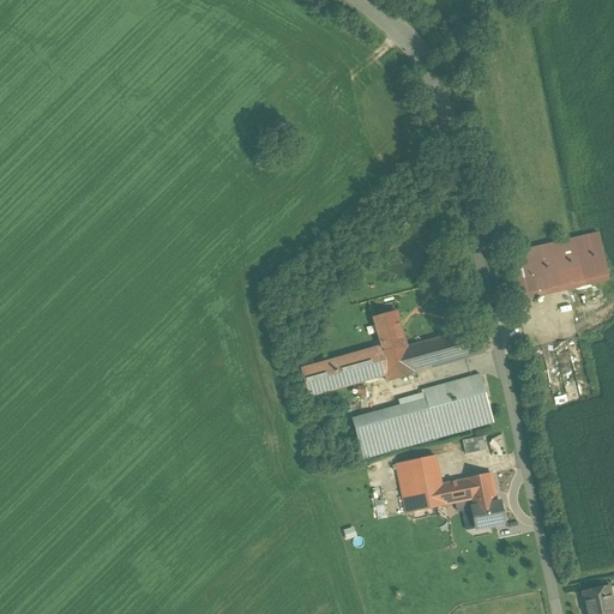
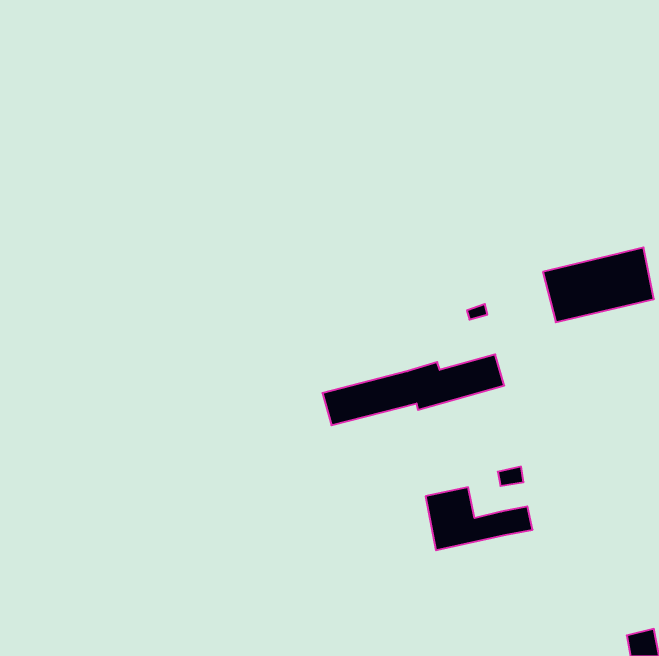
building: [371,308,407,345] -> none
building: [354,372,493,456] -> none
building: [470,493,504,526] -> none

